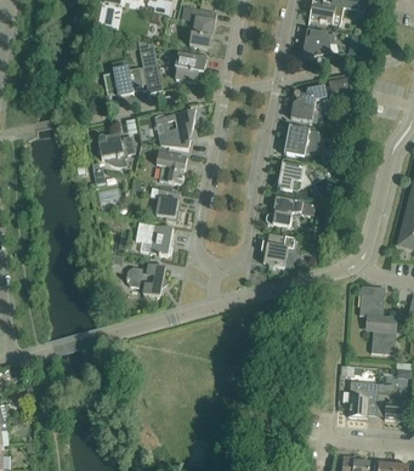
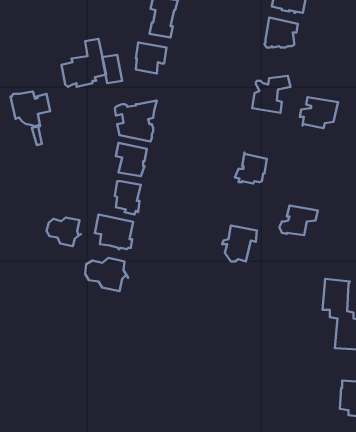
building: [280,125,318,155] -> [300,97,338,128]
building: [96,132,135,166] -> [11,91,50,126]
building: [265,197,302,226] -> [280,206,318,235]
building: none -> [46,217,81,246]
building: [347,380,378,416] -> none

